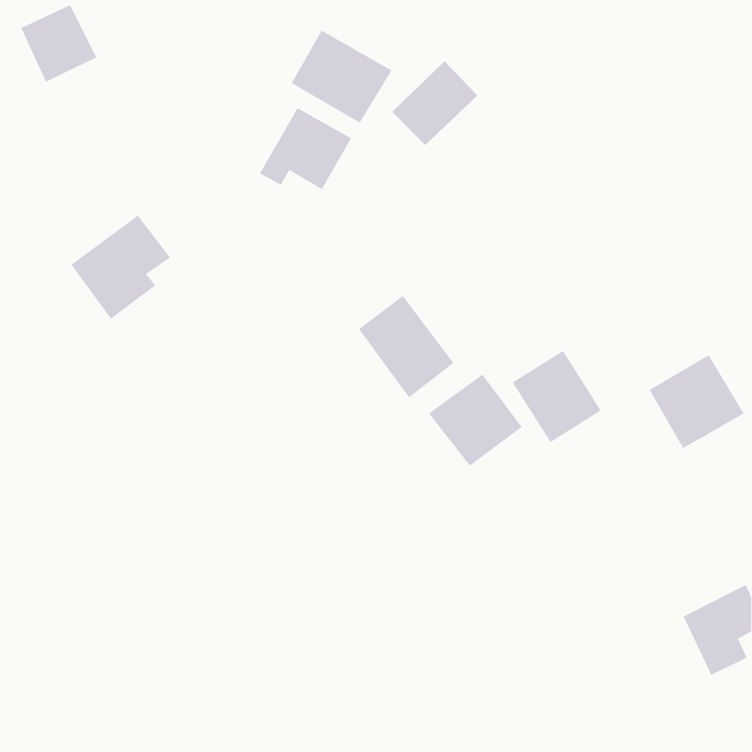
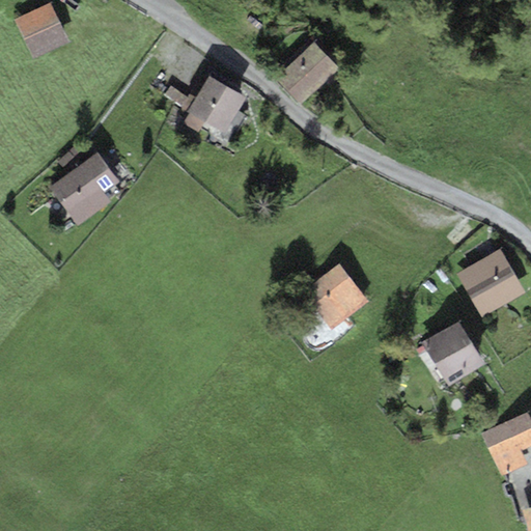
building: [291,30,392,124] -> none
building: [358,295,454,398] -> none
building: [512,350,602,443] -> [421,320,484,386]

